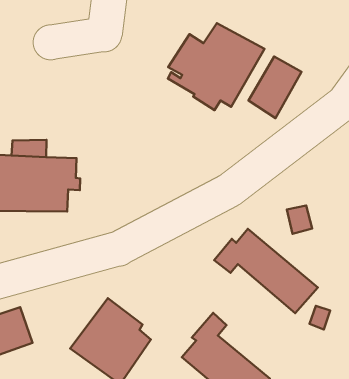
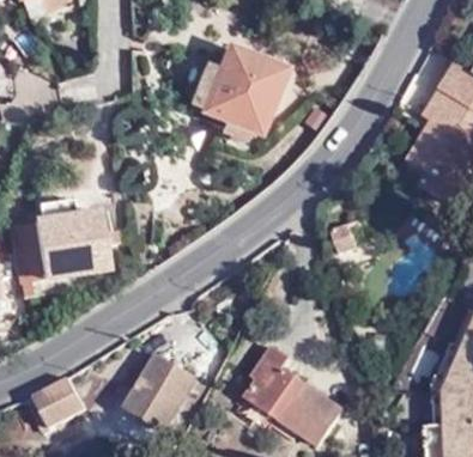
building: [249,56,301,118] -> none
building: [214,229,318,313] -> none

